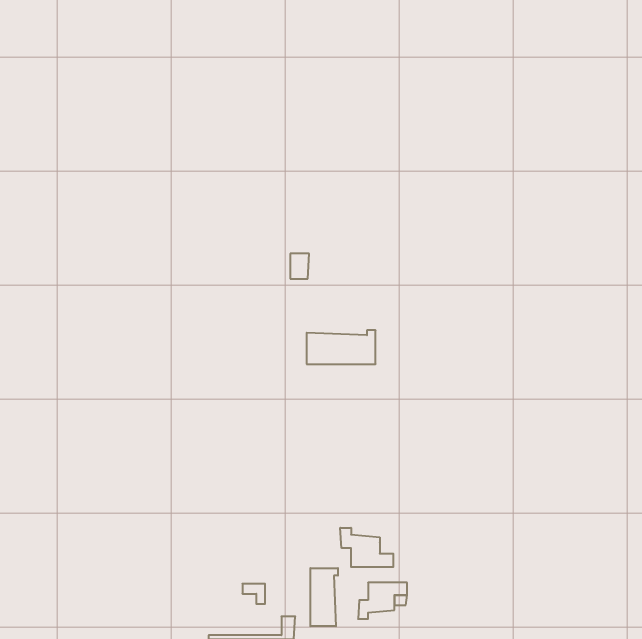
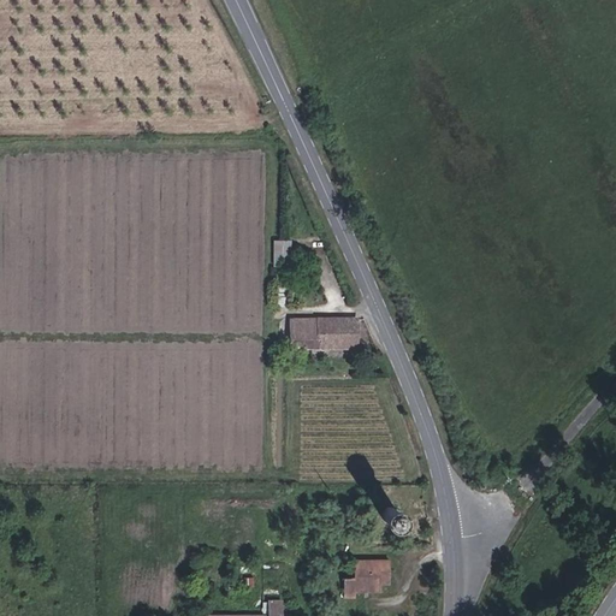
building: [340,528,393,567] -> none
building: [310,568,338,626] -> none

